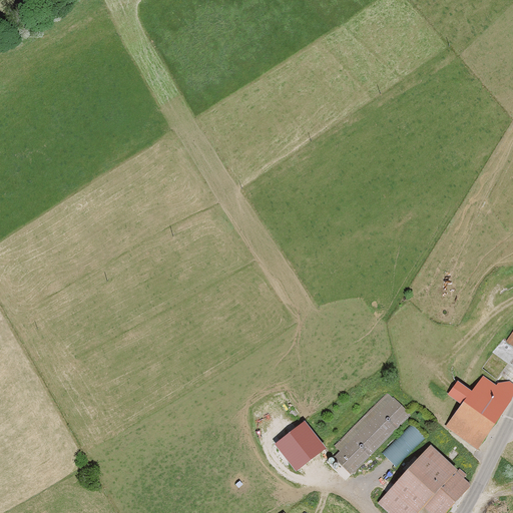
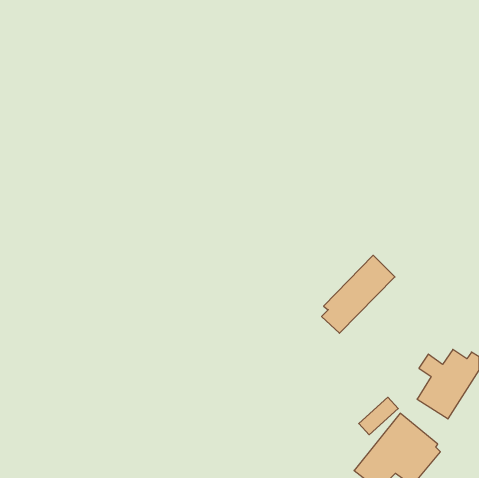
building: [333,393,411,476] -> [322,255,395,333]
building: [273,420,325,472] -> none

